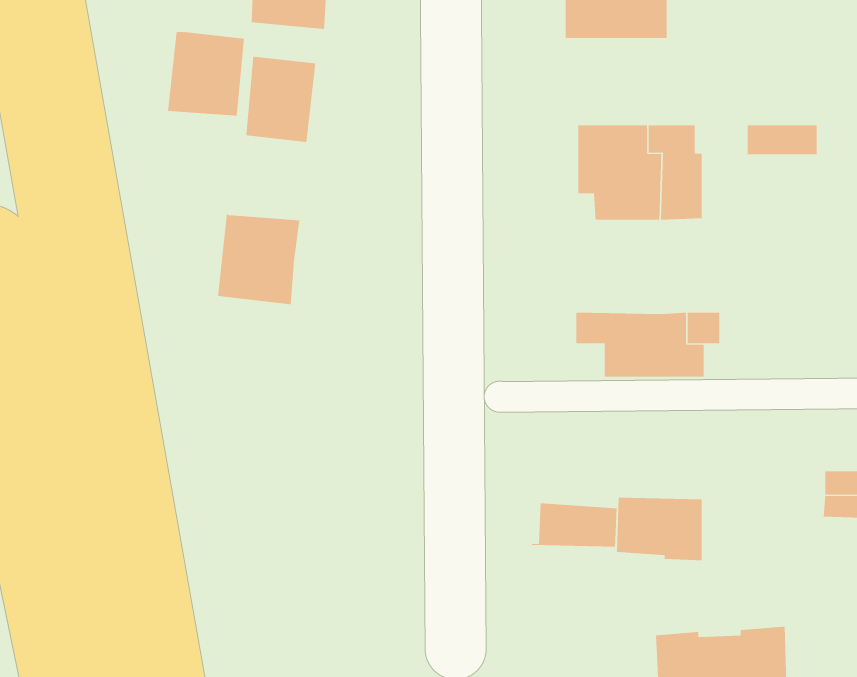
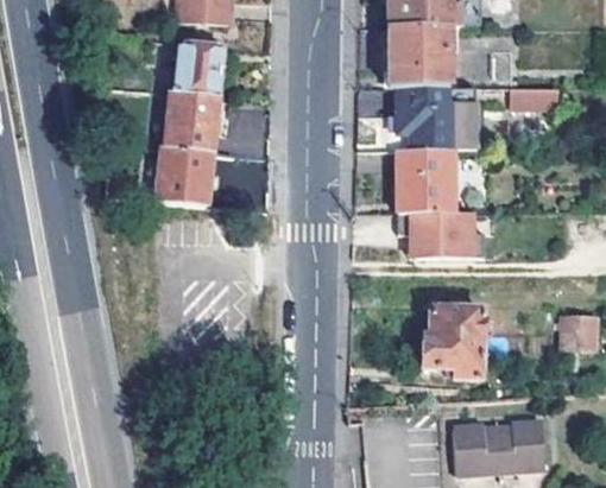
building: [167,32,245,116] -> [163,93,215,150]
building: none -> [387,27,448,85]
building: none -> [396,148,468,213]
building: [531,503,618,547] -> [424,308,482,337]

